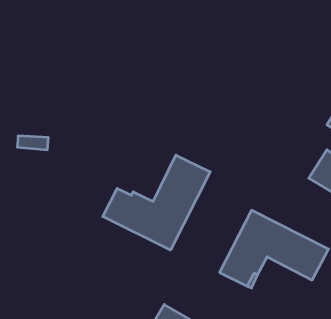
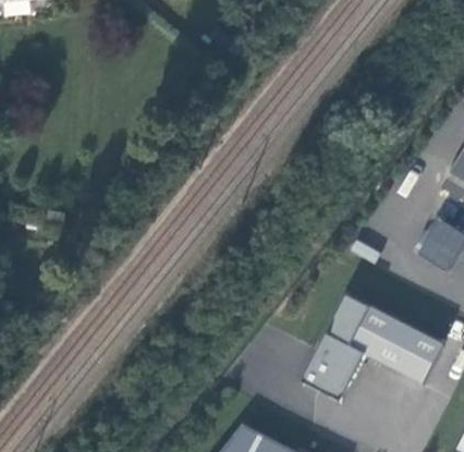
building: [103,155,210,250] -> none

